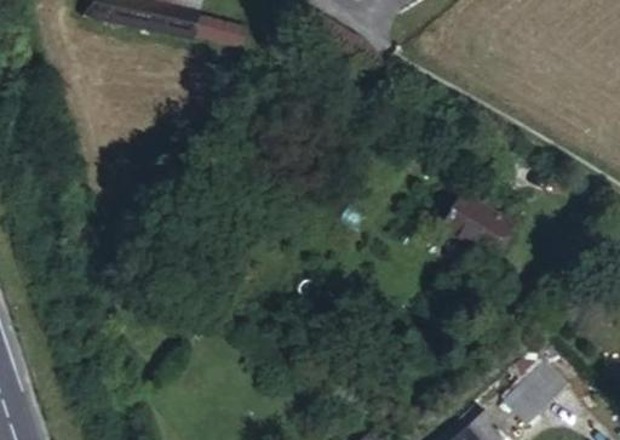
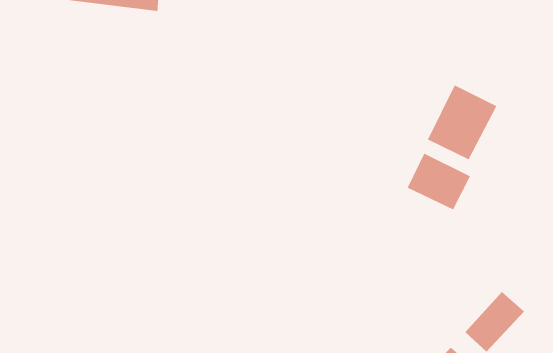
building: none -> [427,84,497,160]

